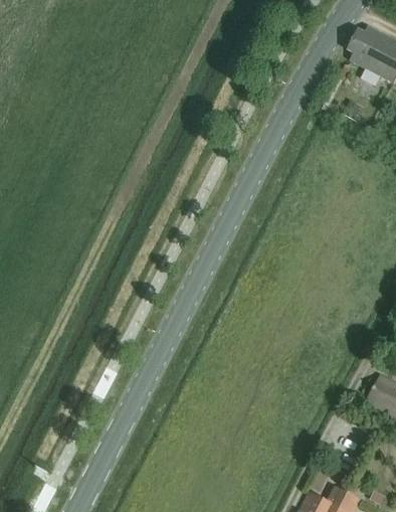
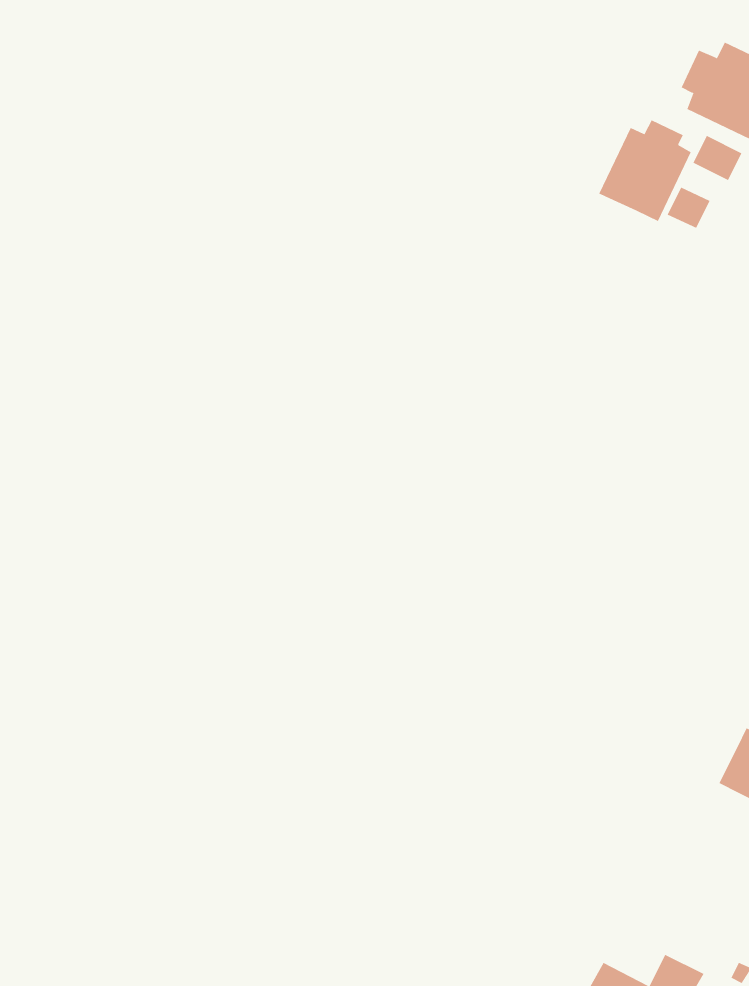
building: none -> [598,120,691,222]

